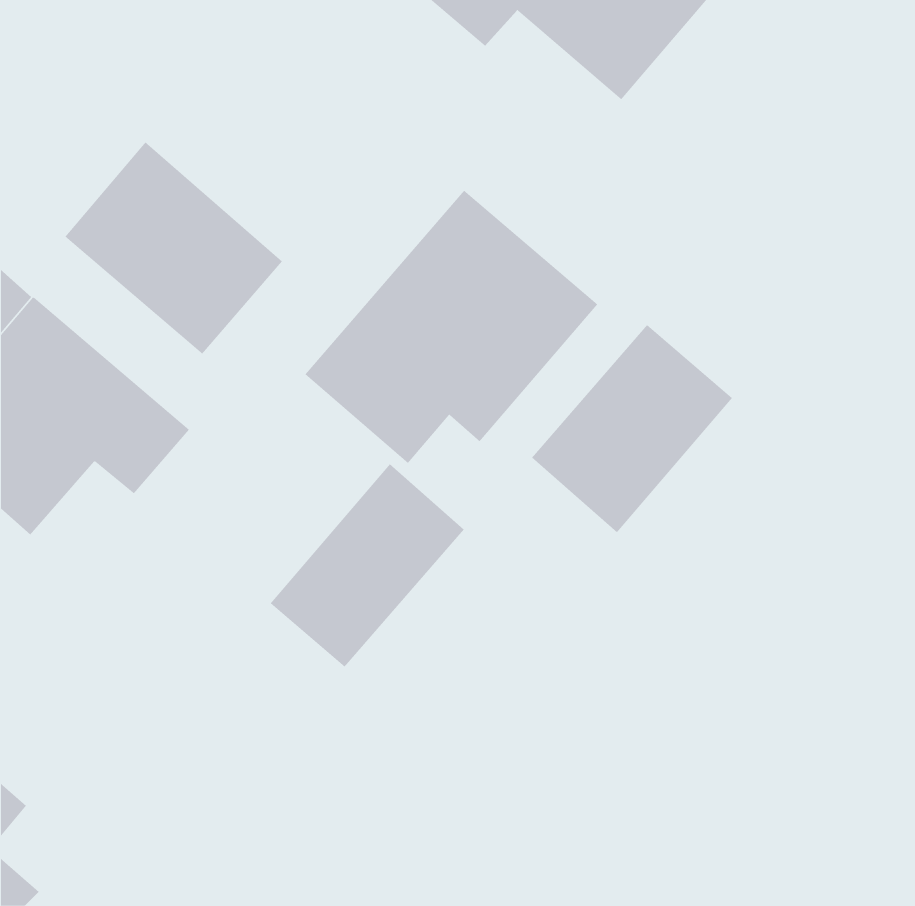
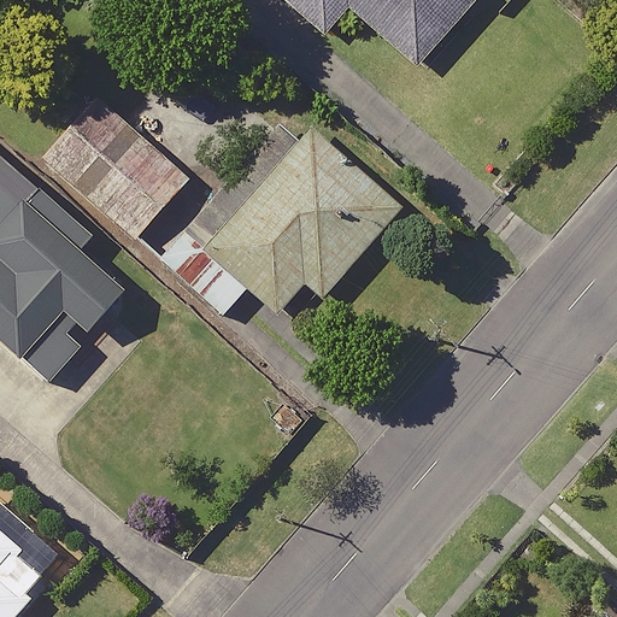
building: [531,324,733,533] -> none
building: [270,464,464,668] -> none

